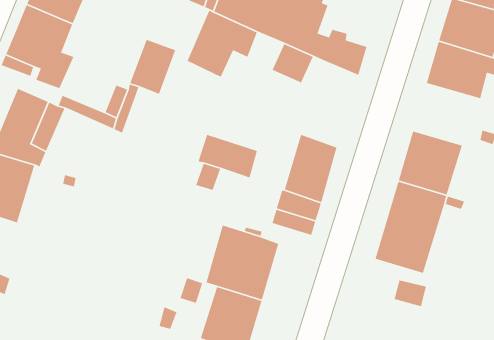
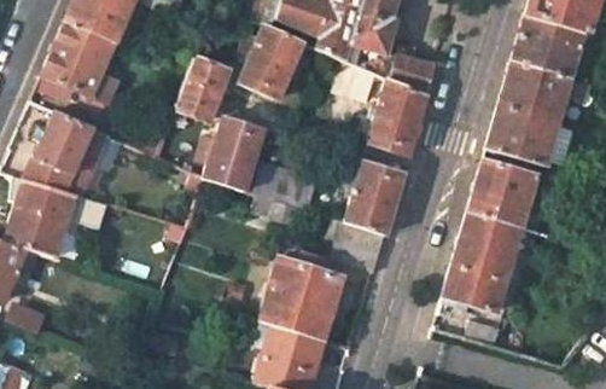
building: none -> [368,80,426,157]
building: none -> [486,105,558,163]
building: none -> [206,117,263,186]

